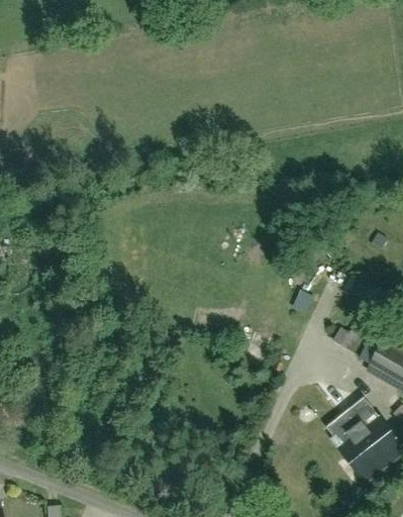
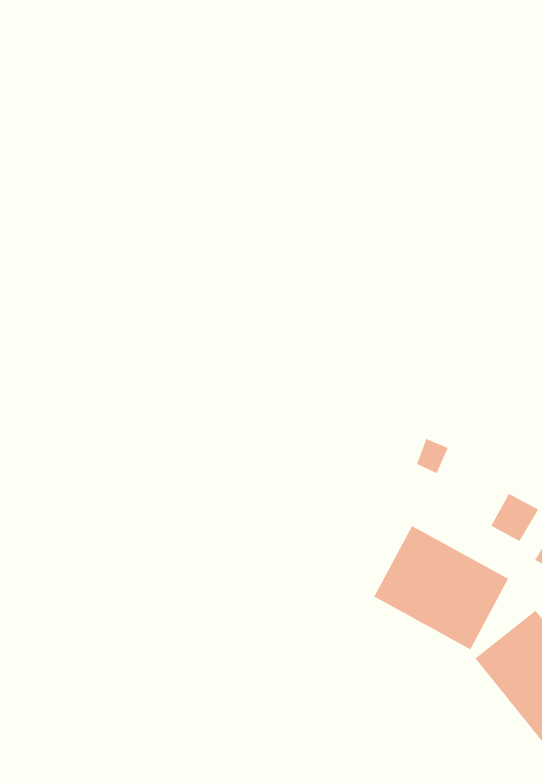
building: none -> [373,525,509,650]

